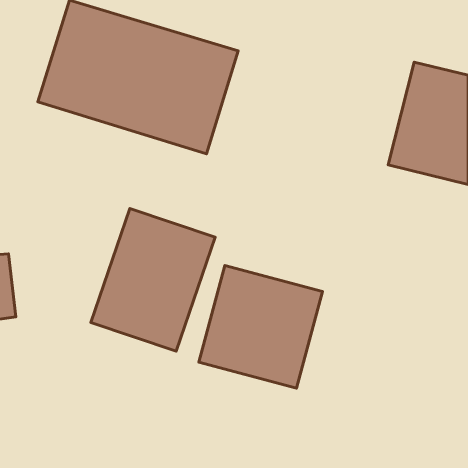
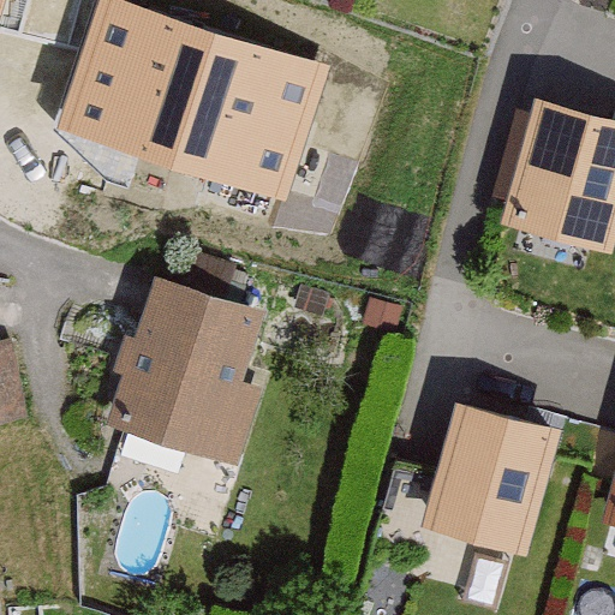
building: [199,266,323,388] -> none
building: none -> [422,390,562,554]

